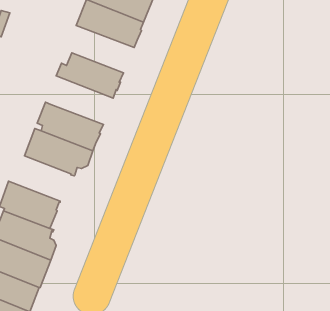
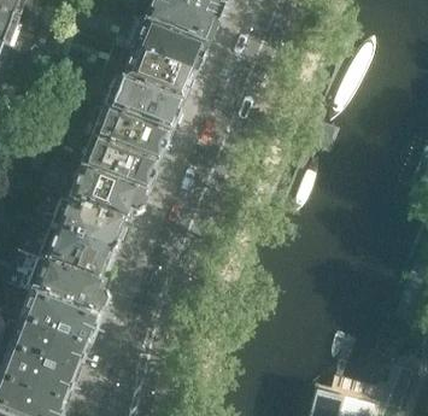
building: none -> [115,51,192,105]
building: none -> [93,109,168,164]
building: none -> [48,200,119,252]

